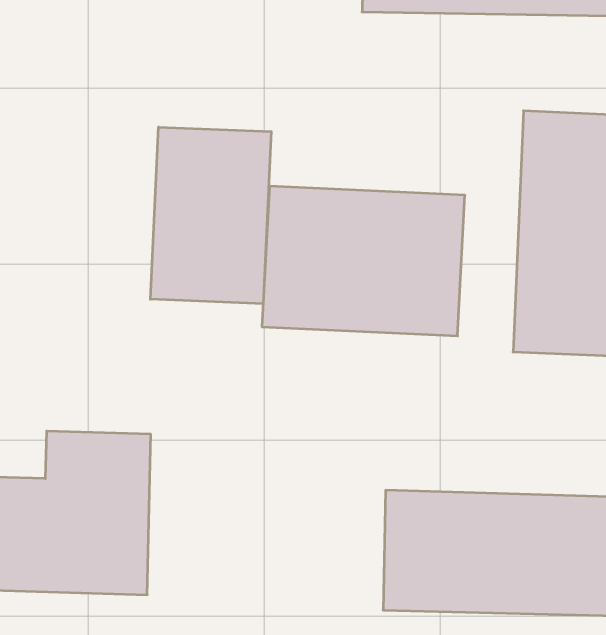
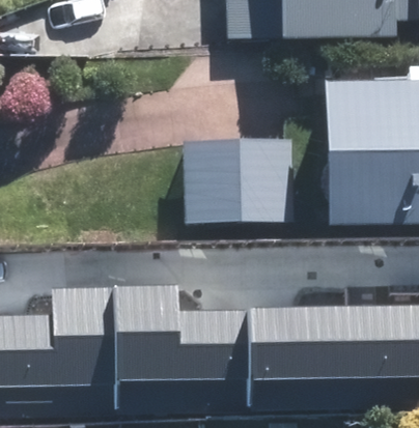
building: [150,127,271,304] -> none
building: none -> [117,285,252,381]

